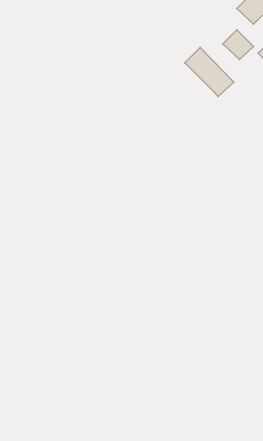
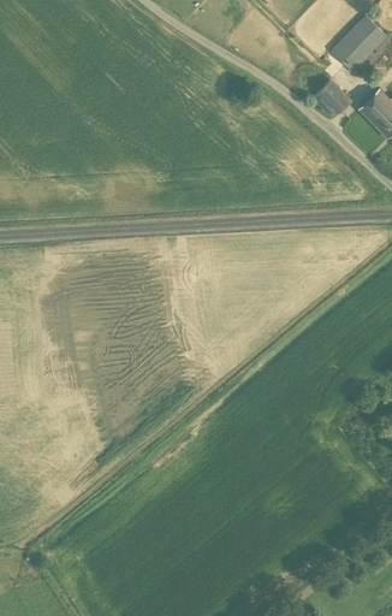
building: [185,48,234,96] -> none

